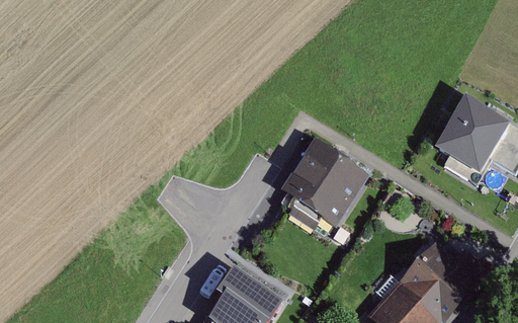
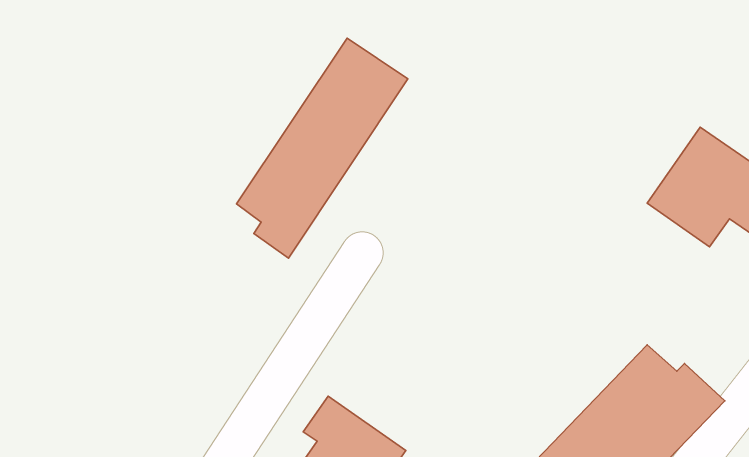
building: none -> [237,38,408,258]
building: [280,139,366,224] -> none

